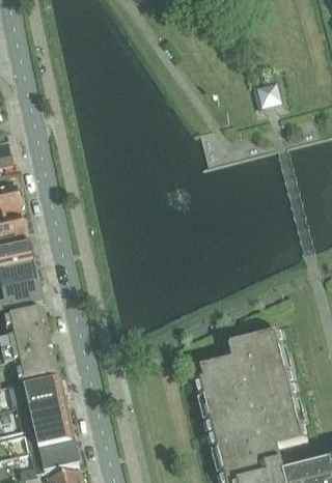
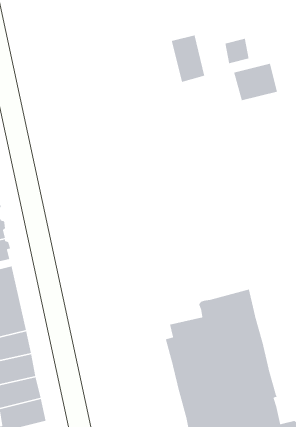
building: none -> [171,35,205,83]
building: none -> [233,63,278,101]

